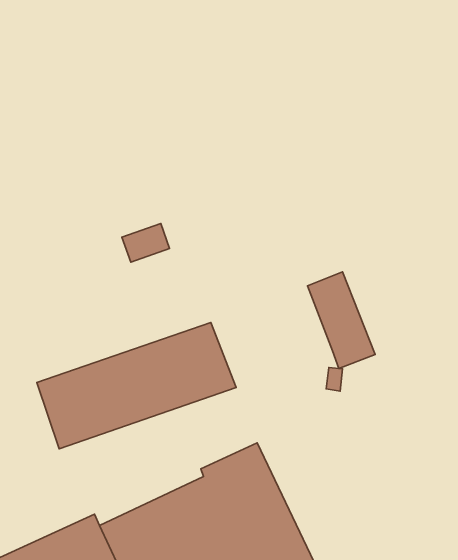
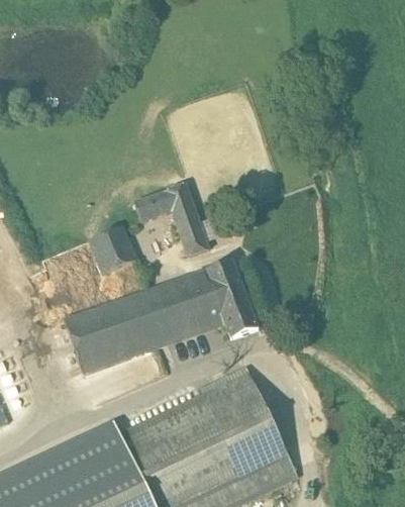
building: none -> [163,184,209,258]
building: none -> [86,228,132,275]
building: [307,272,375,368] -> [203,261,258,338]

